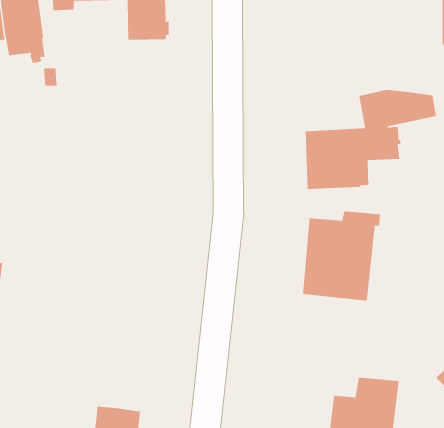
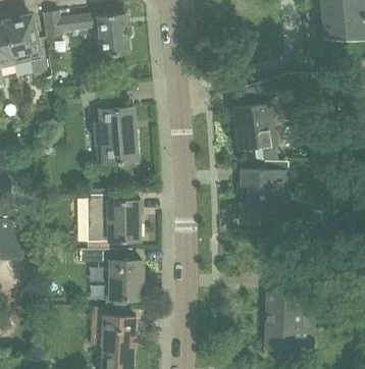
building: none -> [80,85,135,166]
building: none -> [86,195,140,243]
building: none -> [80,250,141,308]

